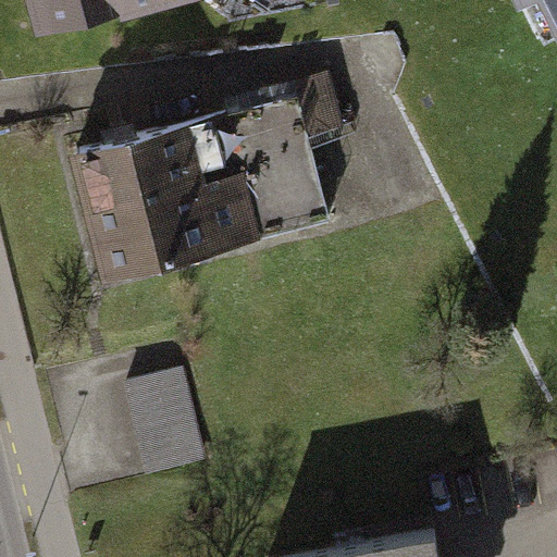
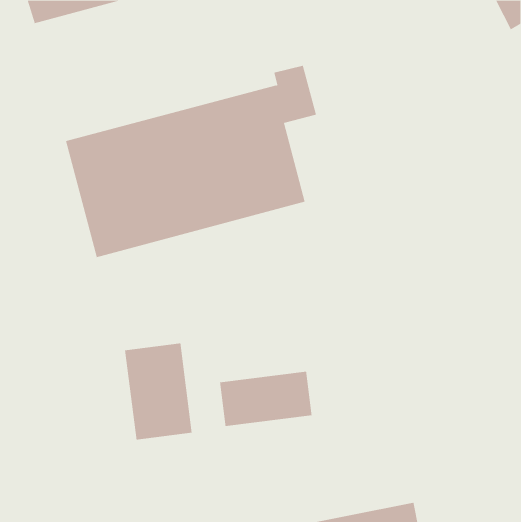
building: none -> [220,371,312,427]

